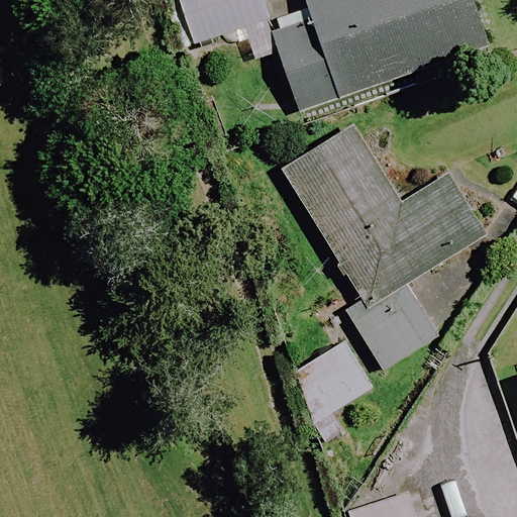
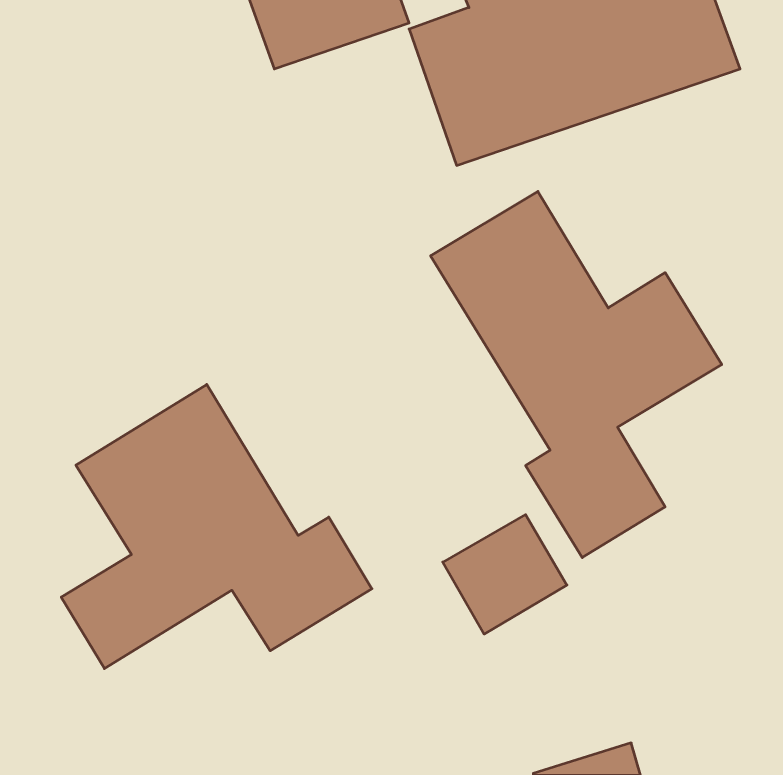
building: none -> [61,384,372,669]

